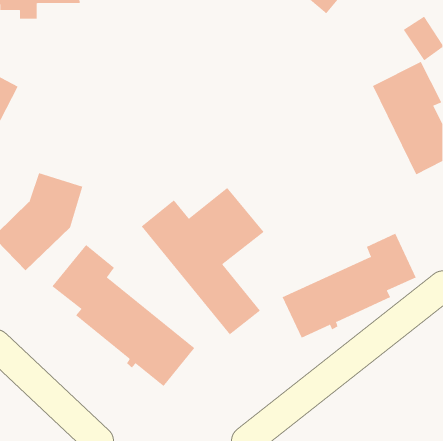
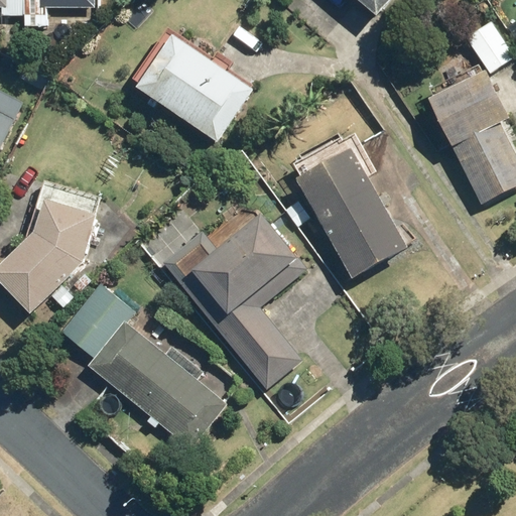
building: none -> [136,35,253,143]
building: none -> [295,148,406,278]
building: [282,233,417,338] -> none

